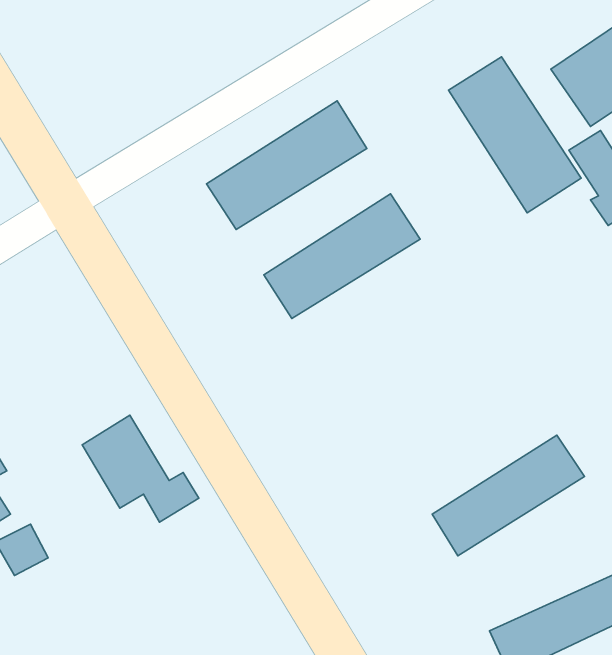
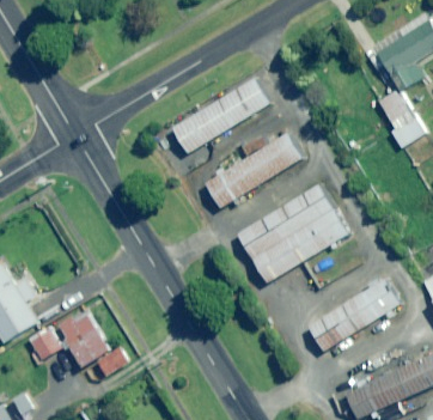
building: [449,57,581,213] -> none
building: none -> [228,187,336,284]
building: [82,415,199,522] -> [62,316,133,381]

